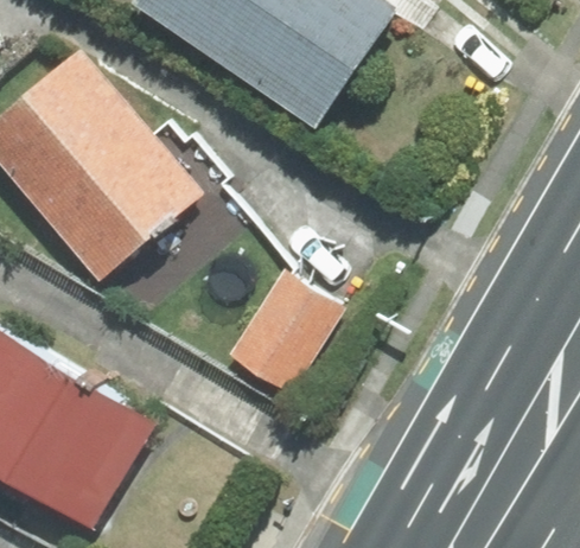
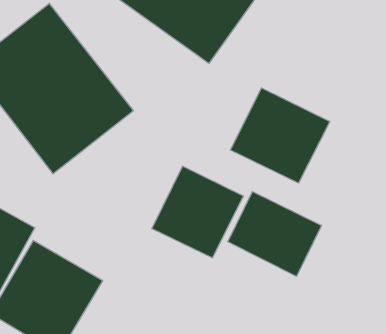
building: none -> [231,88,330,183]
building: none -> [228,191,322,276]

